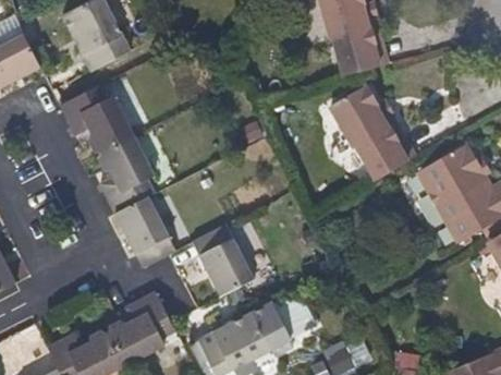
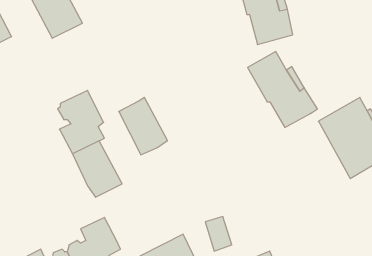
building: [60,86,134,152] -> none
building: [193,225,253,295] -> [119,97,167,155]

